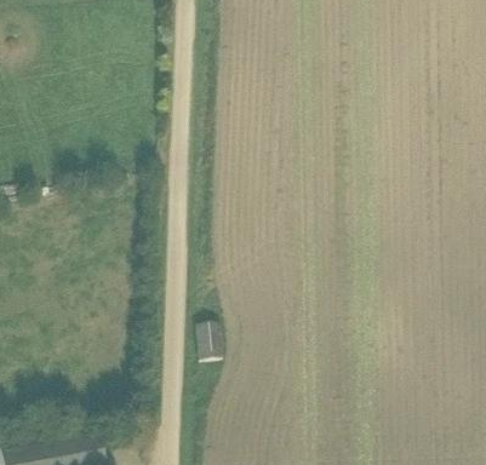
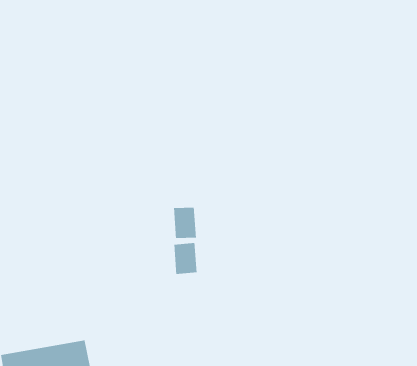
building: none -> [173,207,197,239]

